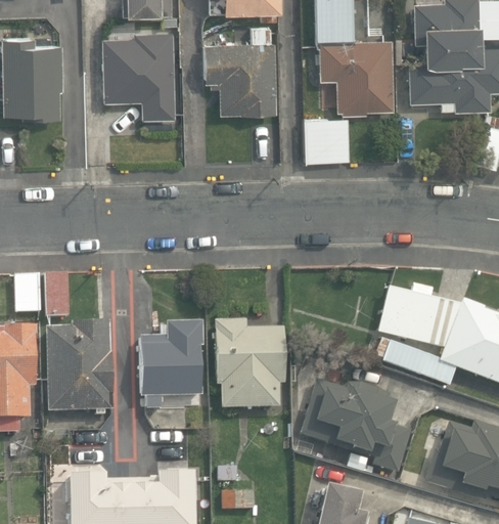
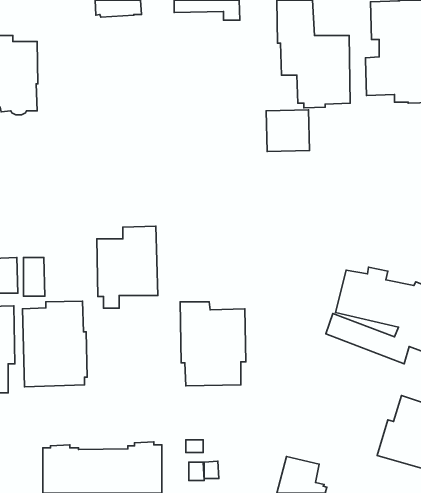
building: [206,27,277,113] -> none
building: [102,31,175,117] -> none
building: [139,321,203,408] -> [97,226,158,308]
building: [302,377,412,470] -> none

